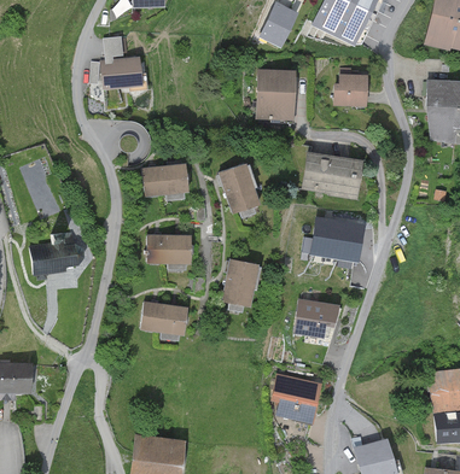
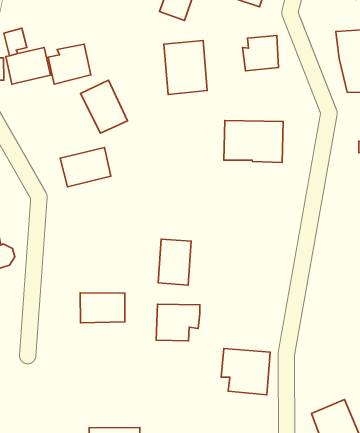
building: none -> [48,44,91,84]
building: [217,162,260,212] -> [81,80,128,133]
building: [305,216,359,273] -> none
building: [147,234,191,263] -> none
building: [292,298,339,338] -> [156,304,200,341]

